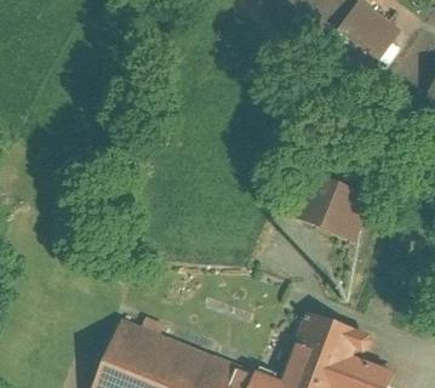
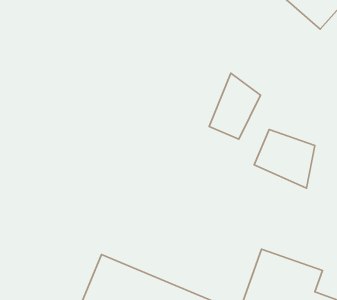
building: none -> [209,73,260,139]

